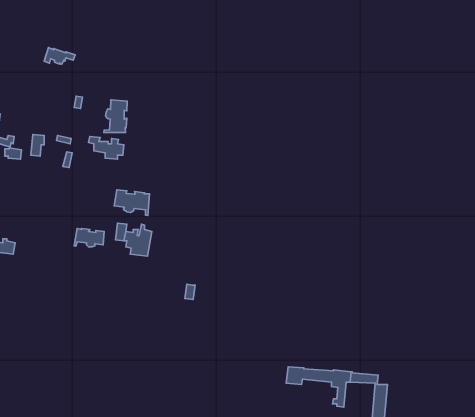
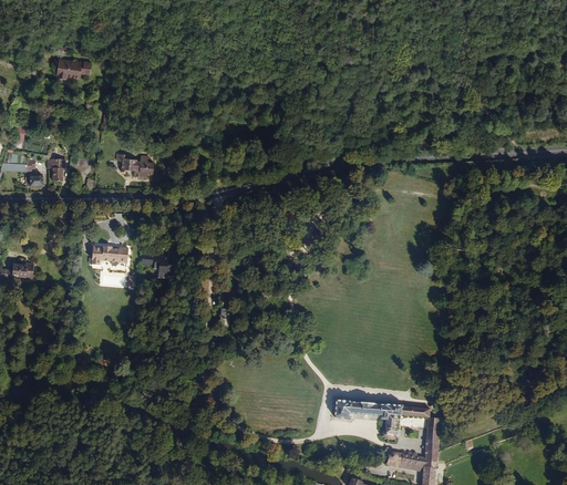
building: [104,100,127,133] -> none
building: [114,190,149,216] -> none

